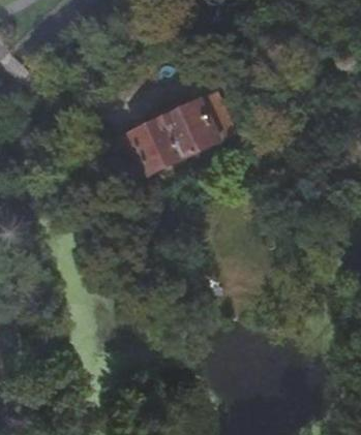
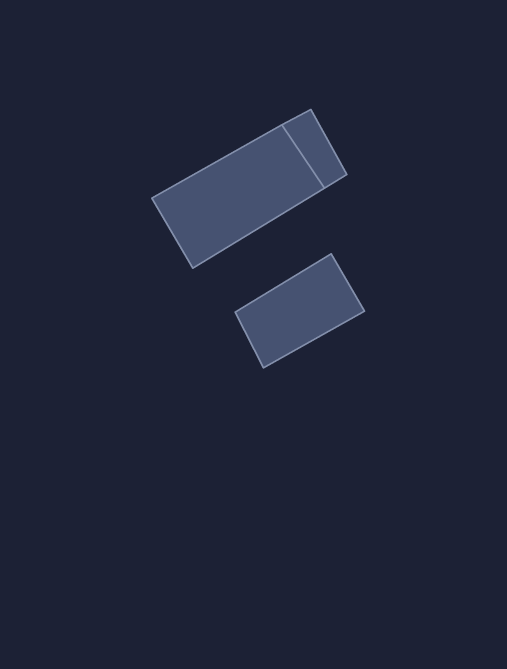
building: none -> [235,254,365,368]

